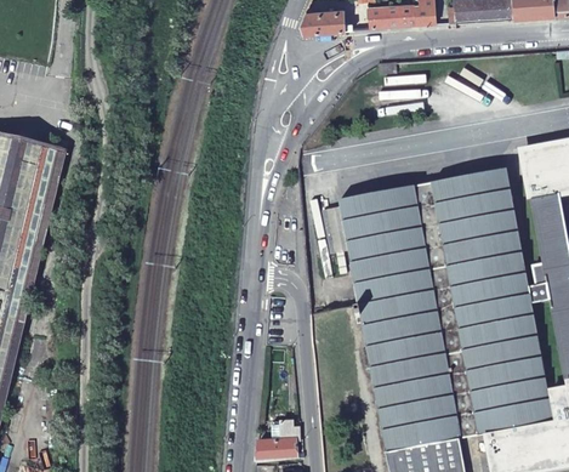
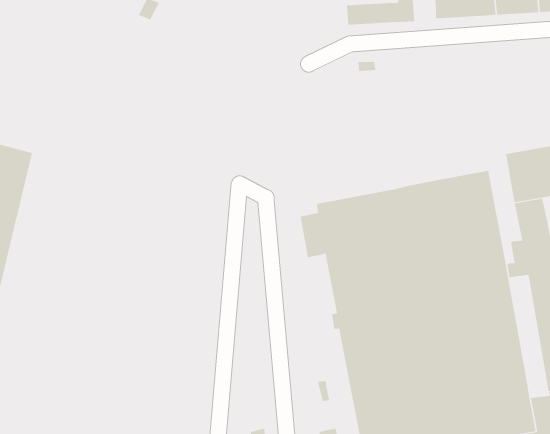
building: [302,11,354,32] -> none

